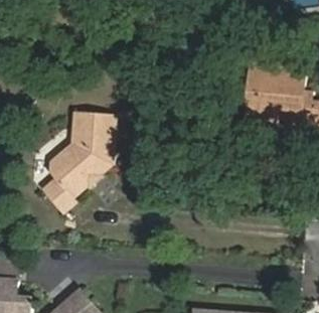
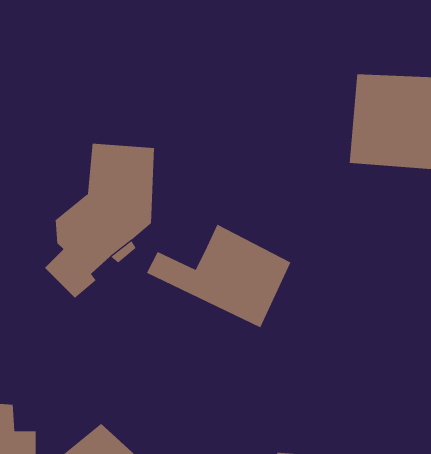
building: none -> [146,224,291,328]

